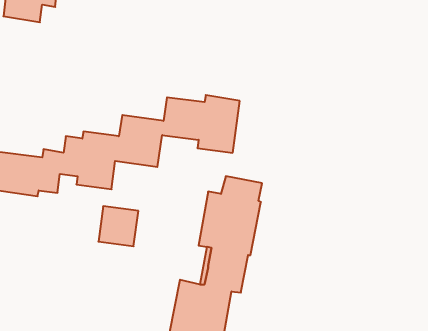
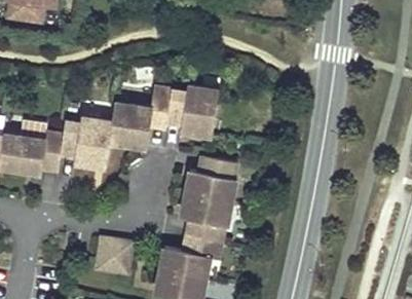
building: [98,206,138,246] -> [97,237,132,272]

